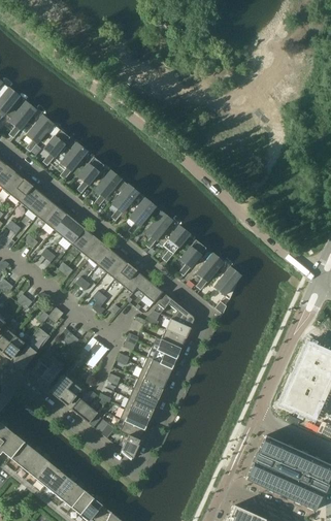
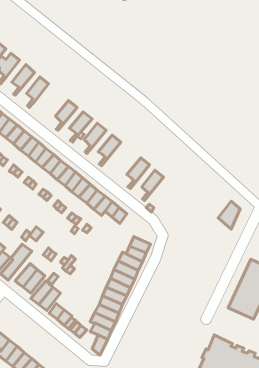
building: [61,138,88,178] -> none
building: [146,207,172,248] -> none
building: [197,249,224,289] -> none
building: [214,266,240,299] -> [218,201,240,229]
building: [153,294,194,327] -> none

